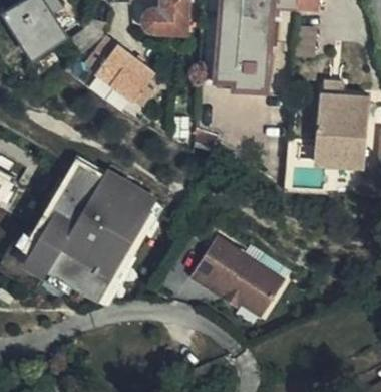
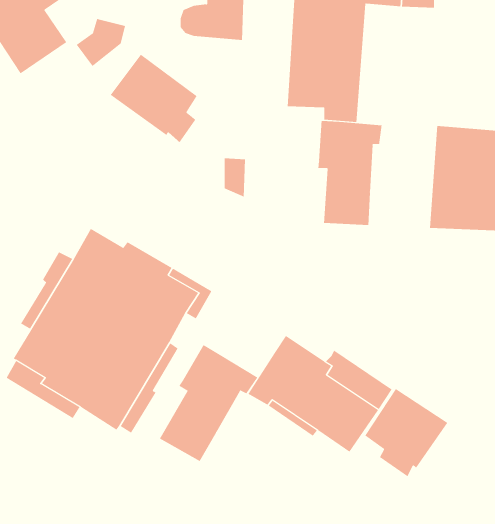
building: none -> [318,120,382,226]
building: none -> [159,344,258,462]
building: none -> [365,388,448,477]

